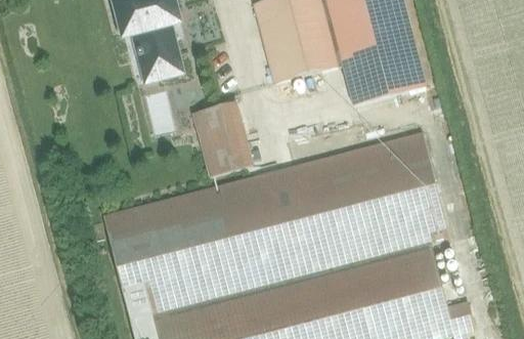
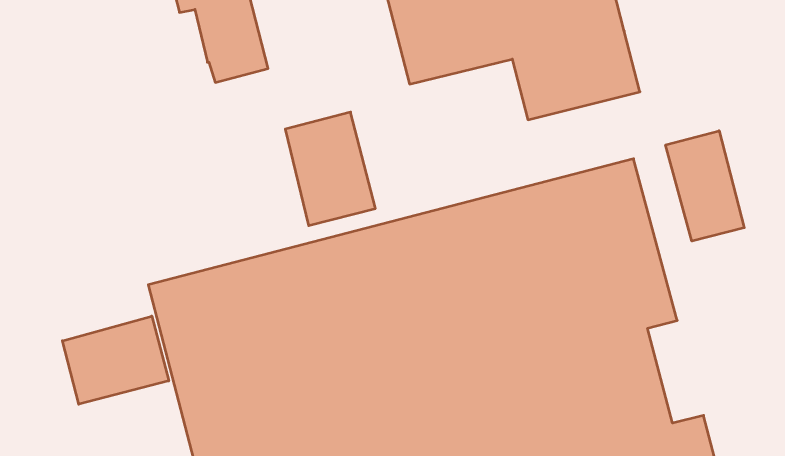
building: none -> [666,131,744,241]
building: none -> [62,316,169,404]

